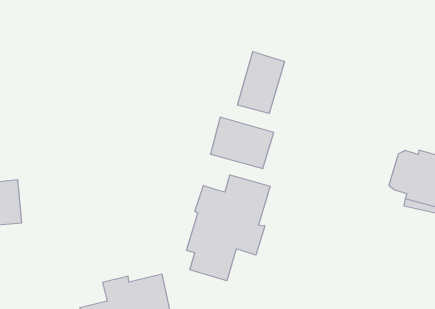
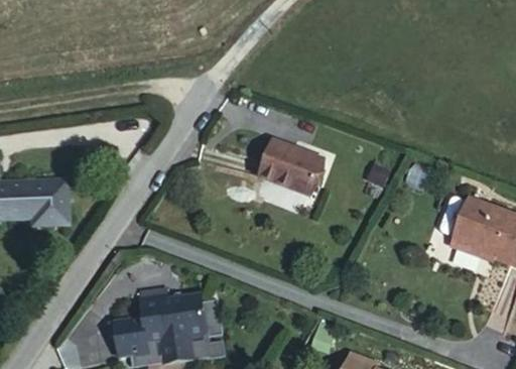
building: [238,52,284,113] -> none
building: [186,175,270,281] -> none

